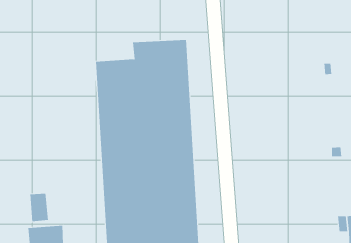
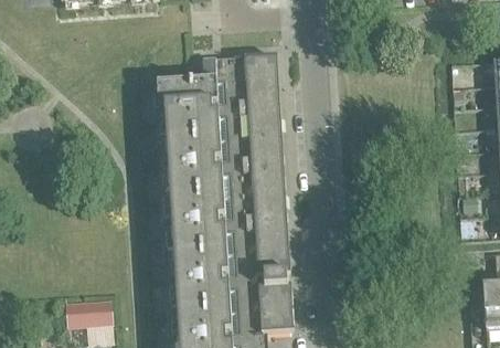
building: [30,193,48,222] -> none

